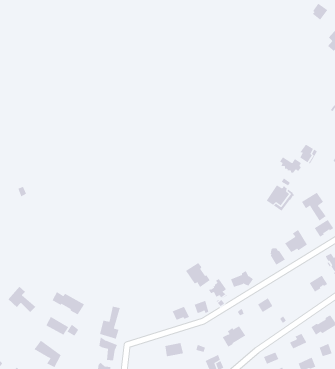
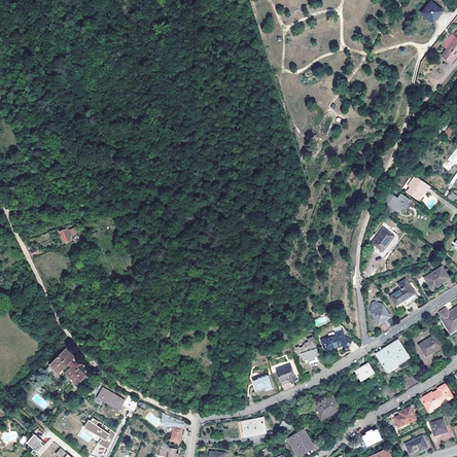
building: [301,192,326,222] -> none
building: [185,262,211,288] -> none
building: none -> [376,341,407,370]
building: [52,291,85,315] -> none
building: [99,306,120,339] -> none

